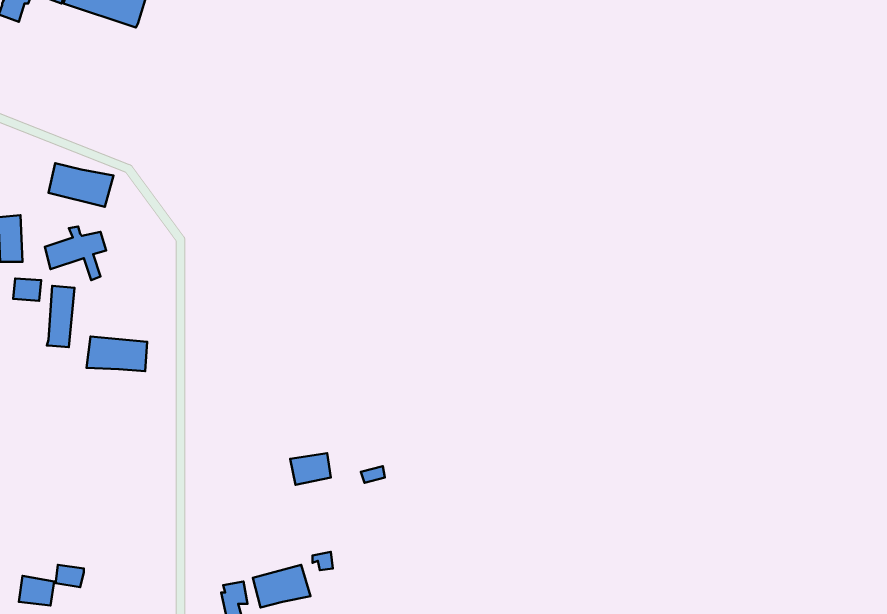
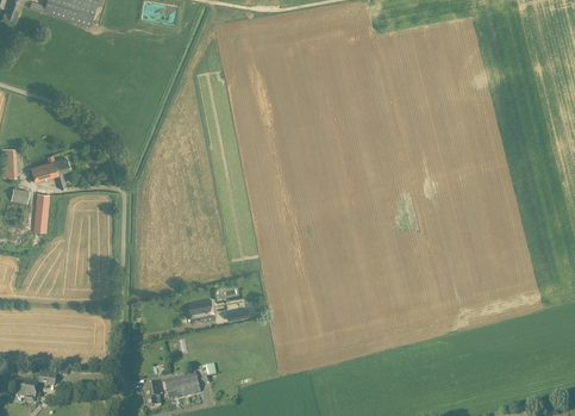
building: [49,163,113,207] -> none
building: [87,336,147,371] -> none

